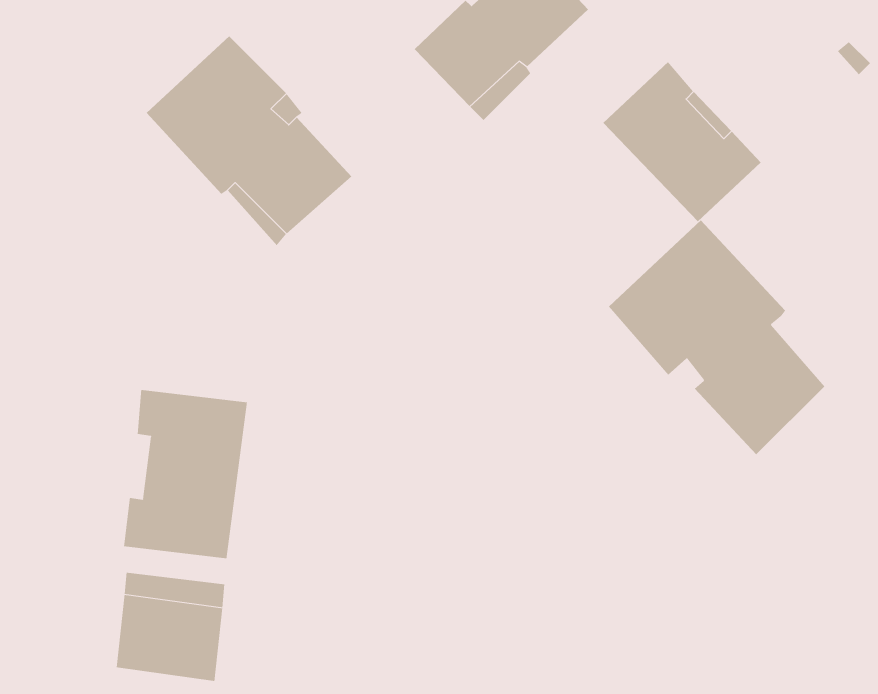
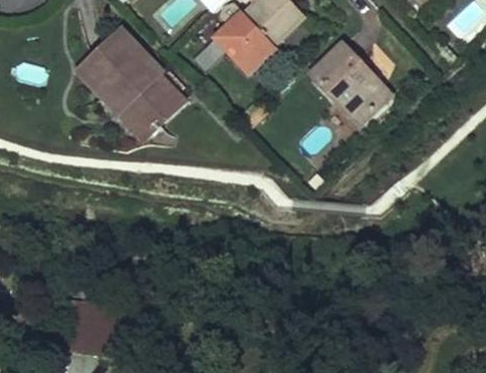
building: [608,220,825,455] -> none
building: [123,389,248,559] -> none

